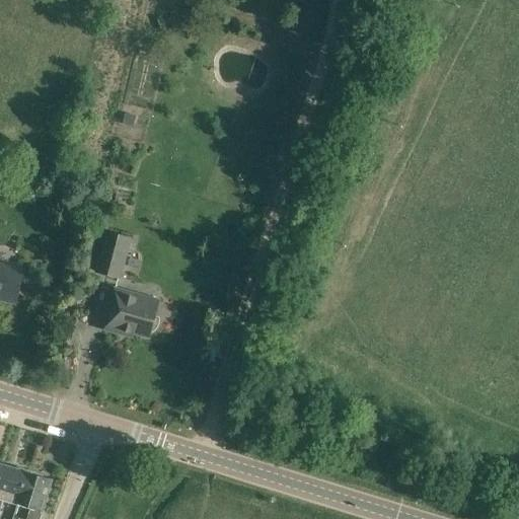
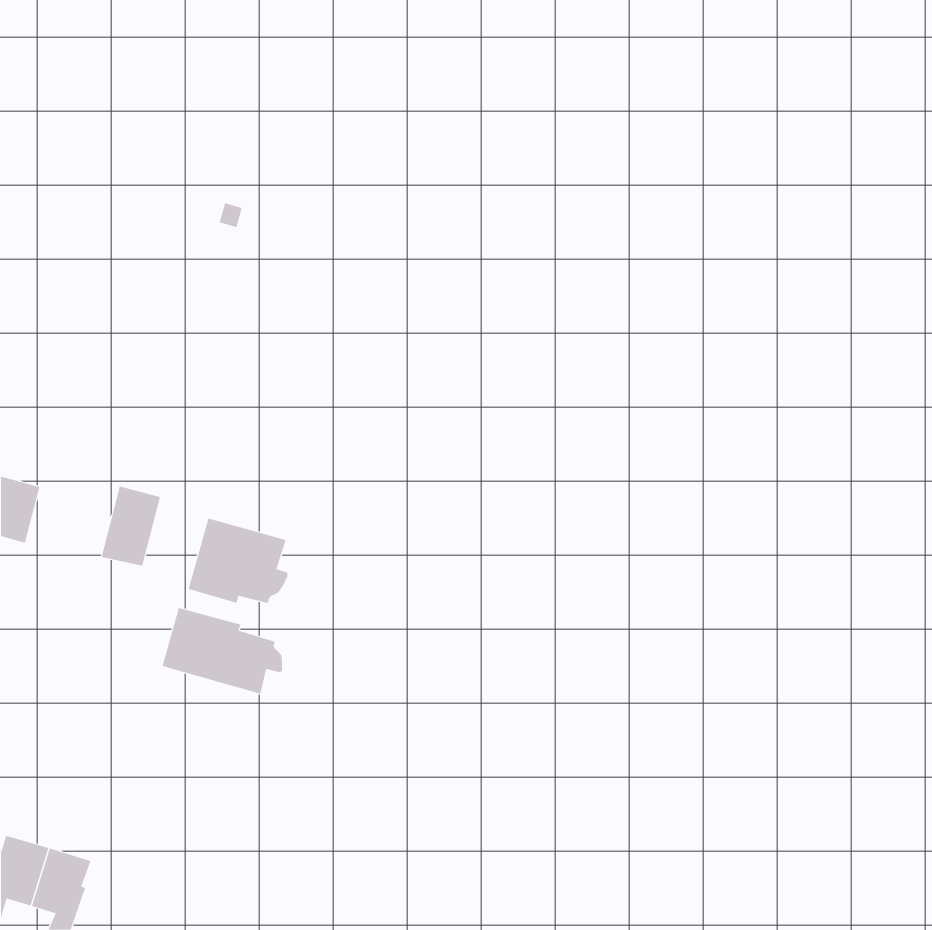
building: [96,233,130,278] -> [101,486,161,566]
building: none -> [162,607,282,694]

